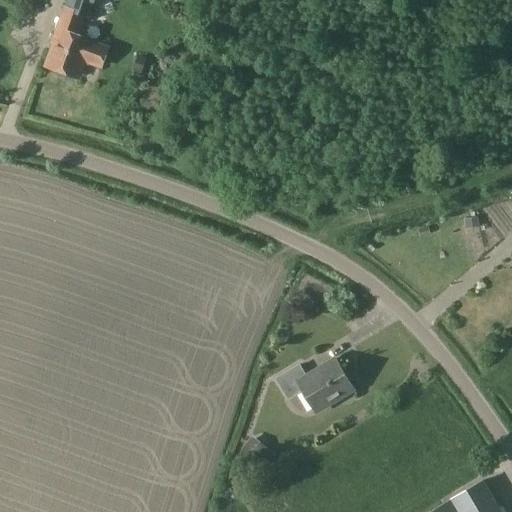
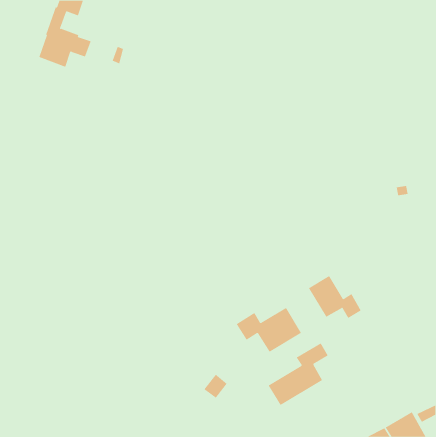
building: none -> [308,275,362,319]
building: none -> [268,342,328,406]

